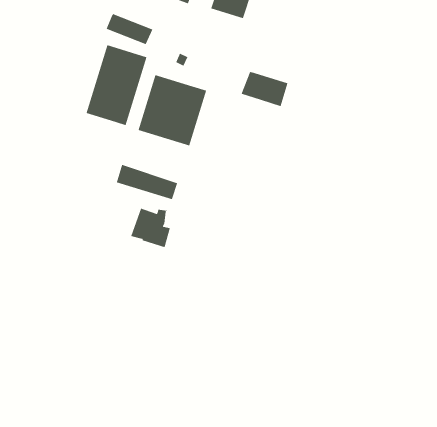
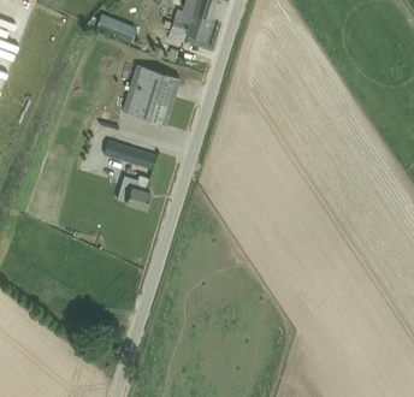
building: [85,44,147,126] -> none
building: [241,71,289,107] -> [171,10,211,40]

